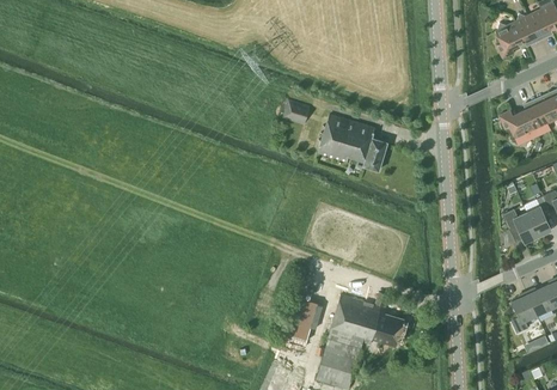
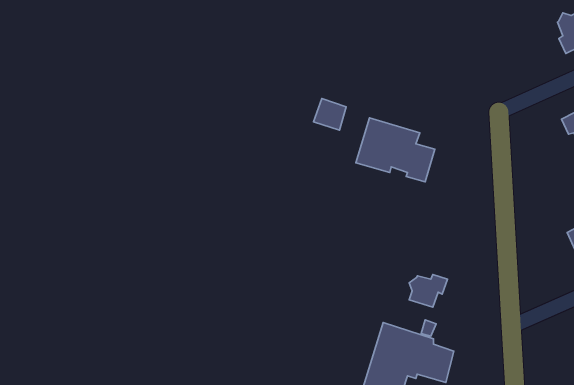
building: none -> [409,275,447,307]
building: [288,297,324,339] -> none

